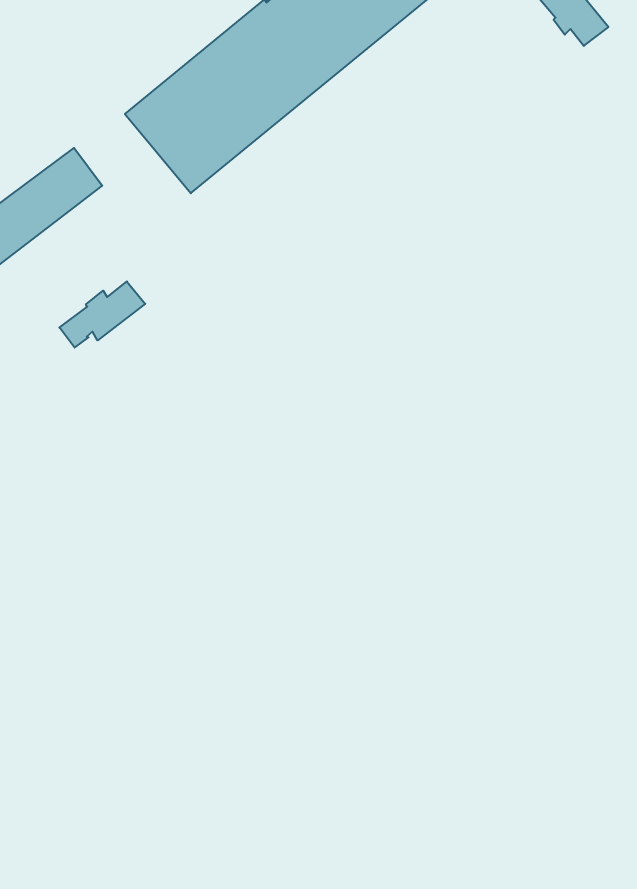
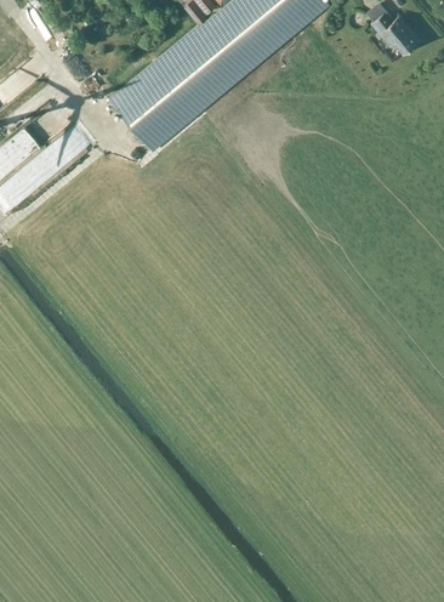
building: [59,281,145,348] -> none

